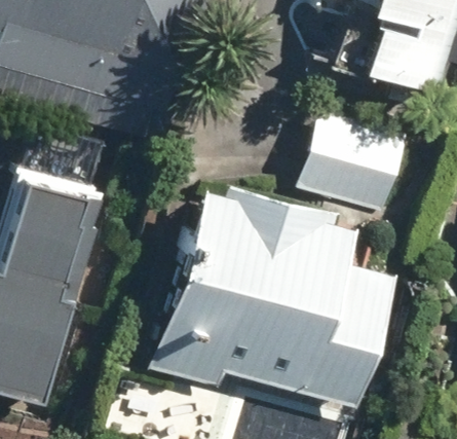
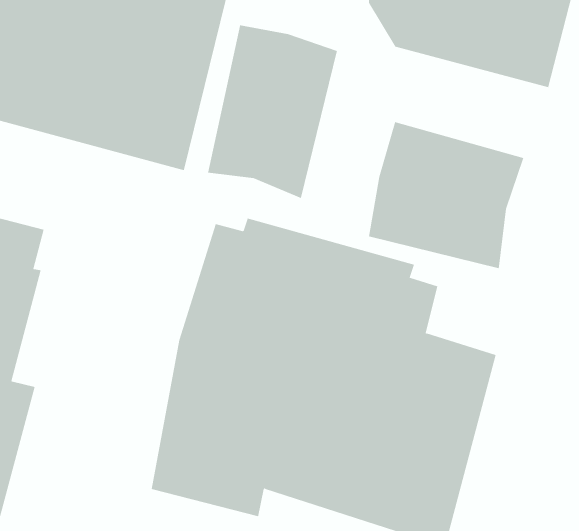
building: none -> [207,24,337,199]

